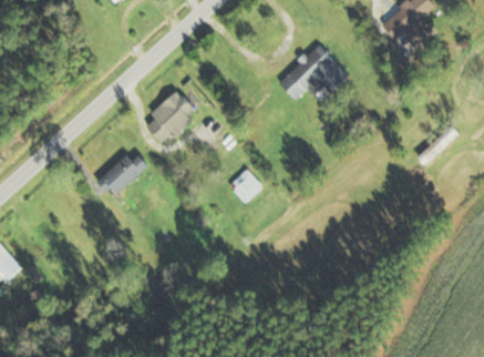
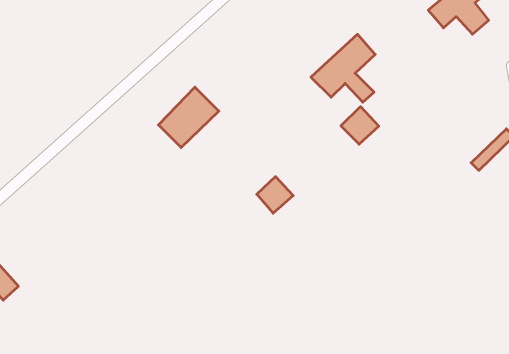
building: none -> [341,107,379,144]
building: [96,152,145,196] -> none

